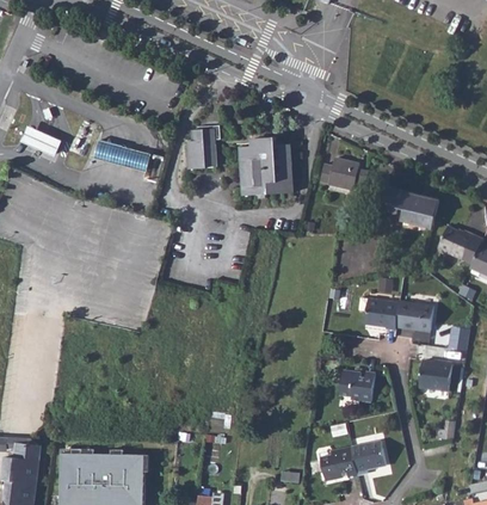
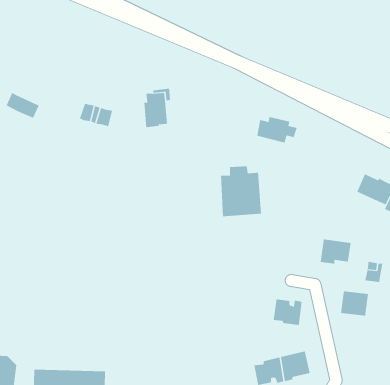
building: [242,136,291,196] -> [220,166,262,217]
building: [380,186,438,229] -> none
building: [358,297,397,331] -> none

